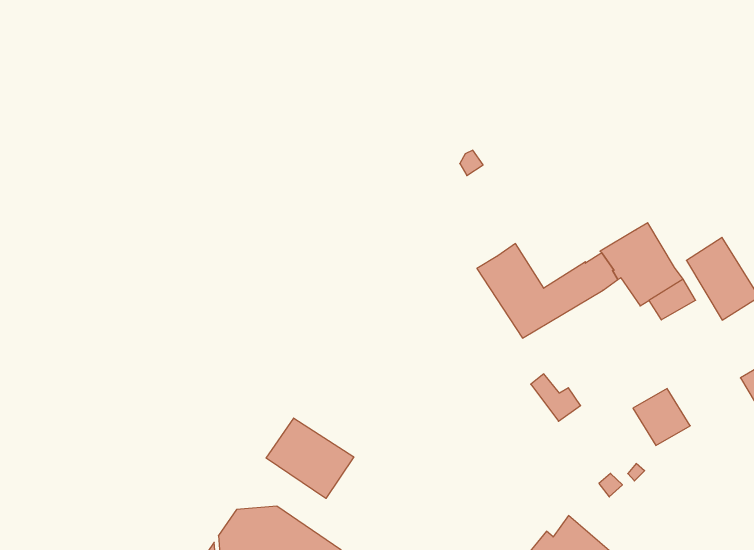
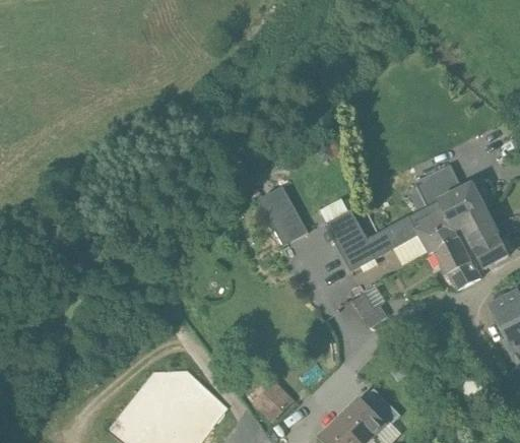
building: none -> [418,164,486,232]
building: none -> [260,185,309,244]
building: [633,389,690,445] -> [443,254,479,291]
building: [266,418,354,498] -> none

